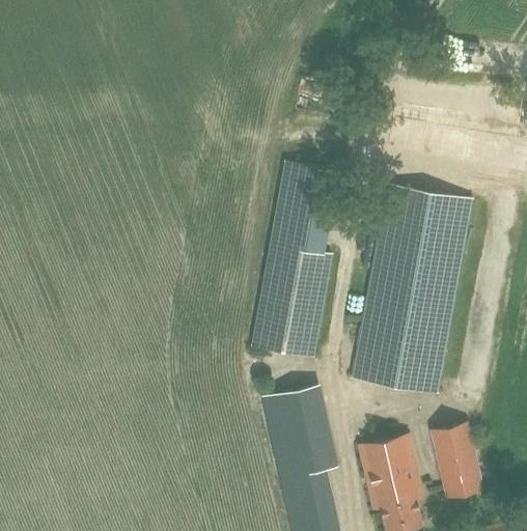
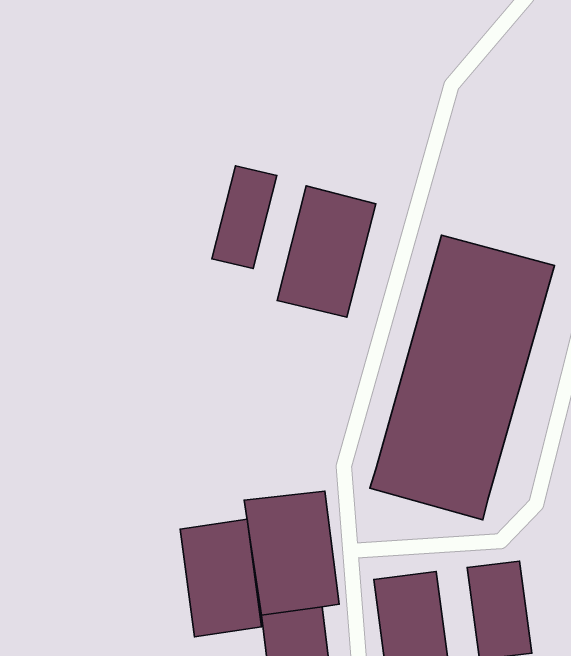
building: none -> [212,166,277,269]
building: [253,247,331,358] -> none
building: none -> [180,519,262,637]

